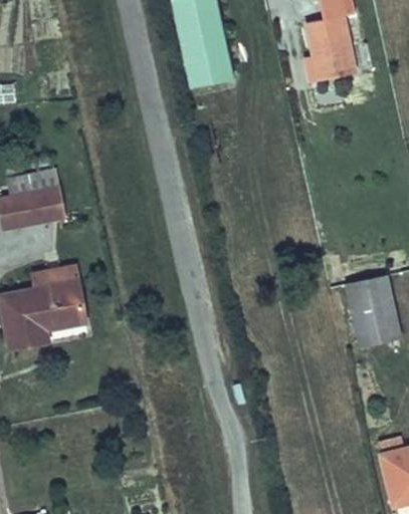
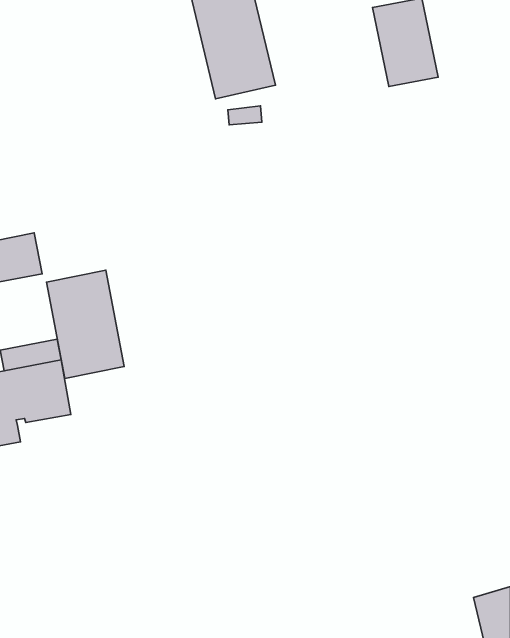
building: none -> [47,270,124,379]
building: [345,274,401,345] -> none

